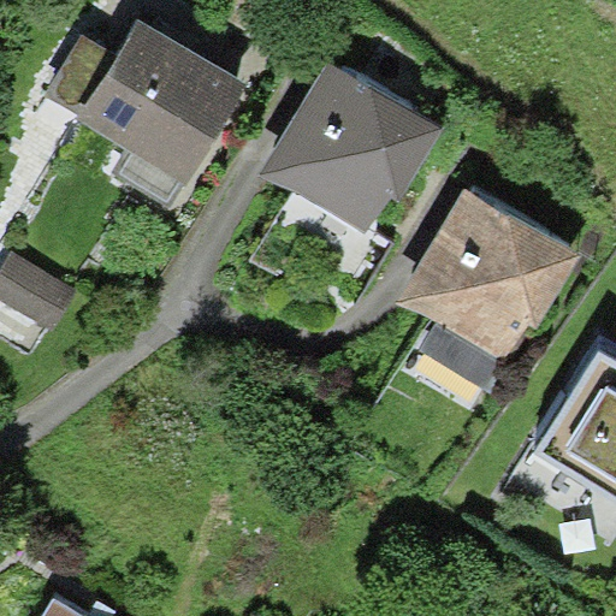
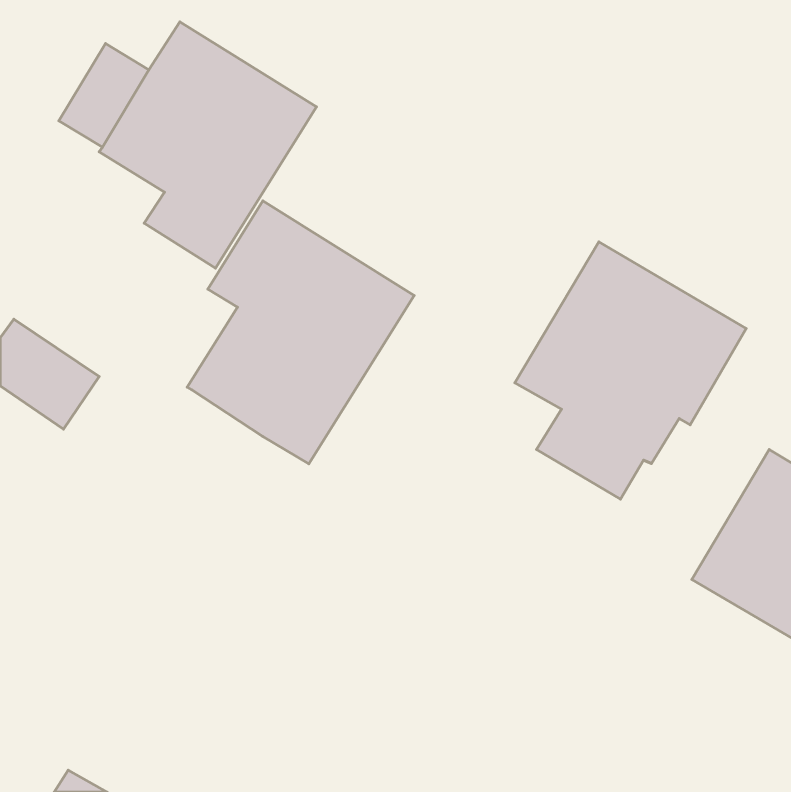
building: [262,63,443,233] -> none
building: none -> [187,201,414,464]

